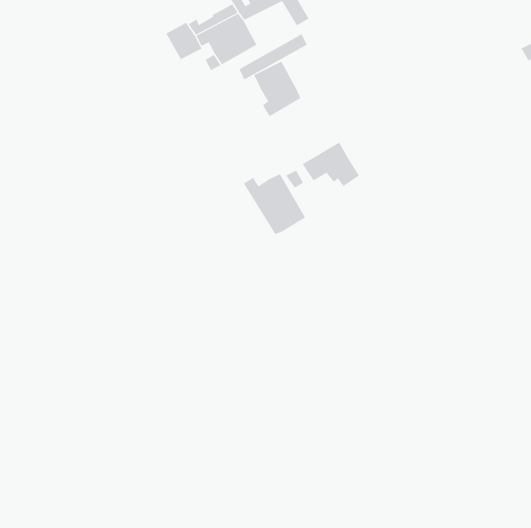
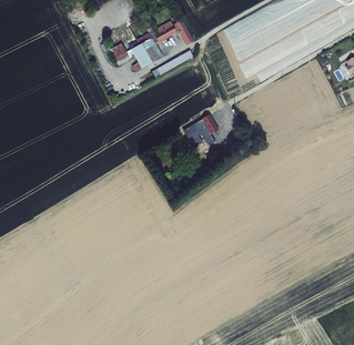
building: [253,61,301,117] -> none
building: [243,174,306,235] -> none

